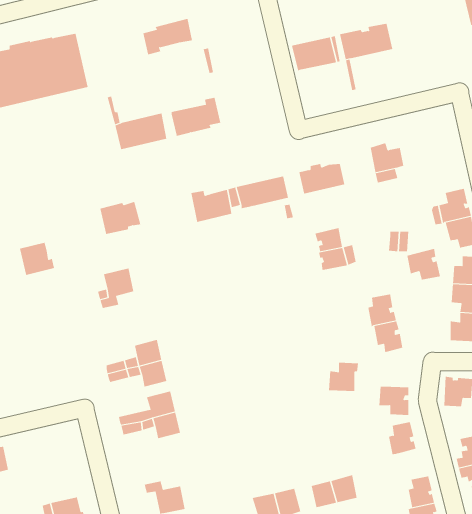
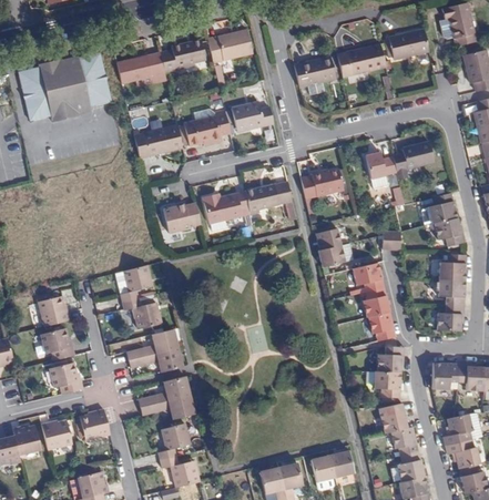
building: none -> [386,30,429,60]
building: none -> [207,31,252,63]
building: none -> [116,53,164,84]
building: none -> [232,102,274,132]
building: none -> [393,143,432,180]
building: [99,201,141,234] -> [163,203,201,233]
building: [19,242,55,275] -> [38,297,70,327]
building: [407,248,441,280] -> [353,263,384,292]
building: none -> [123,298,161,328]
building: none -> [41,329,73,360]
building: [328,362,359,392] -> [376,346,404,373]
building: none -> [49,363,82,395]
building: none -> [80,410,110,440]
building: none -> [41,418,71,449]
building: none -> [160,425,190,460]
building: none -> [390,427,418,456]

